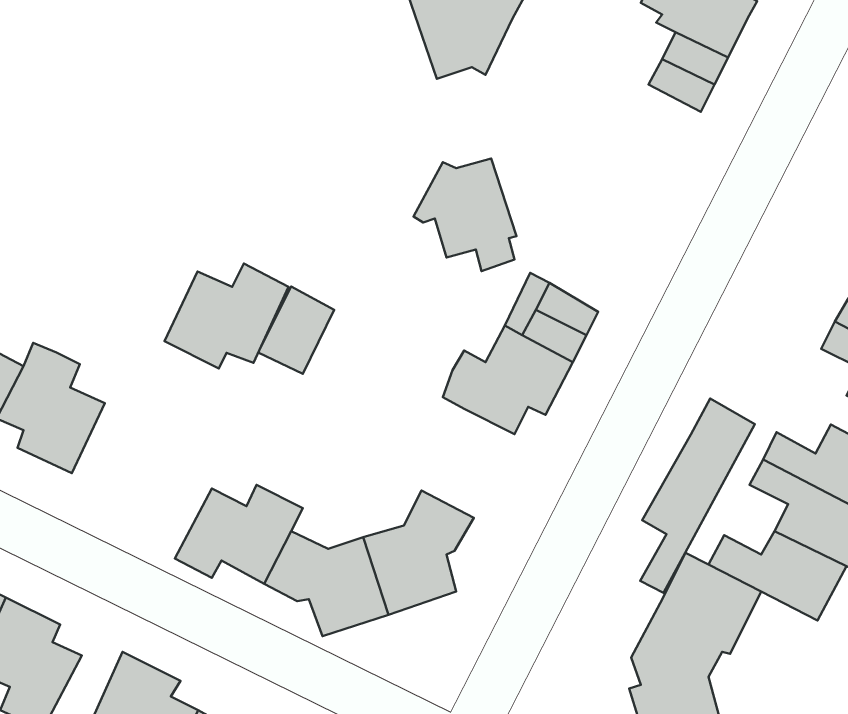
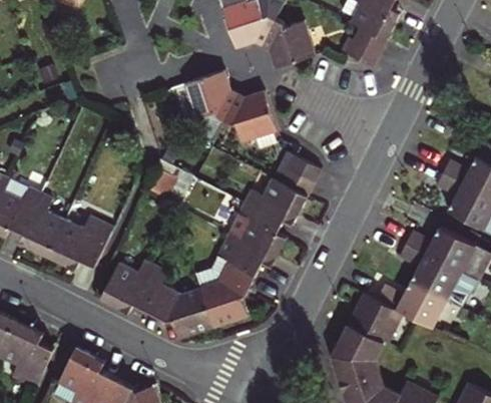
building: none -> [261,19,315,69]
building: none -> [183,71,238,121]
building: [164,264,289,369] -> [47,214,111,268]
building: [640,399,755,593] -> none
building: none -> [216,221,285,277]

